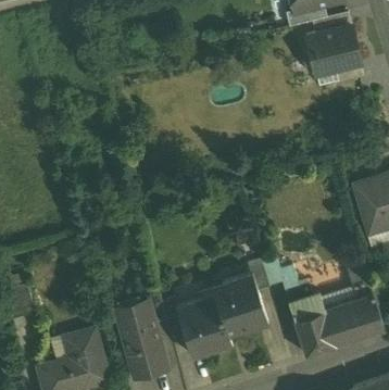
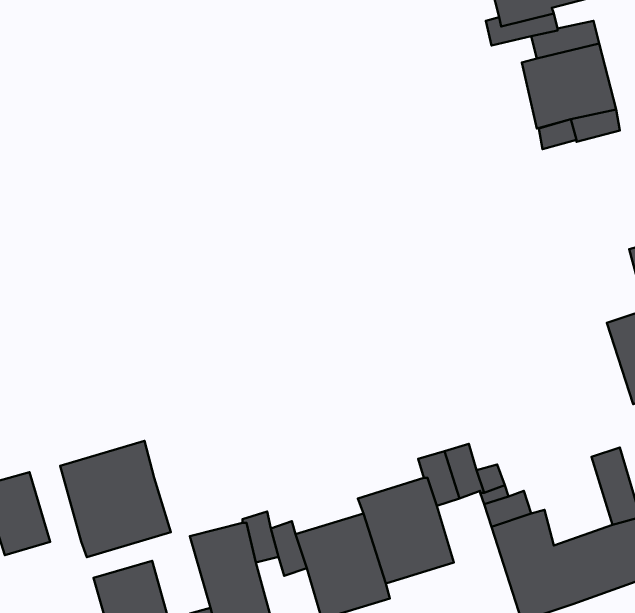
building: none -> [60,441,171,557]

